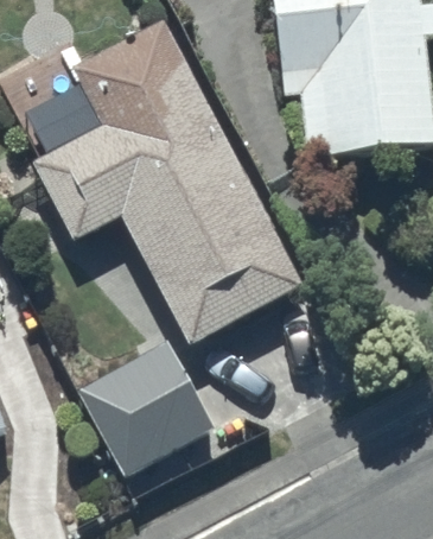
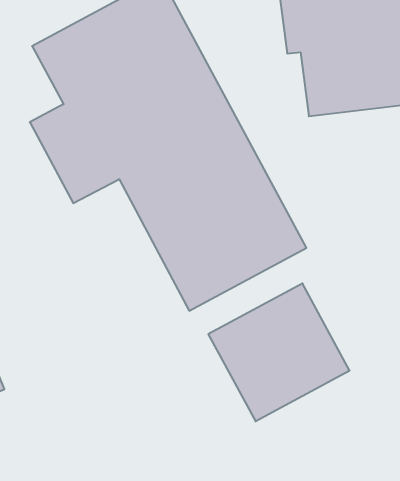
building: [77,341,216,476] -> [208,283,350,421]

